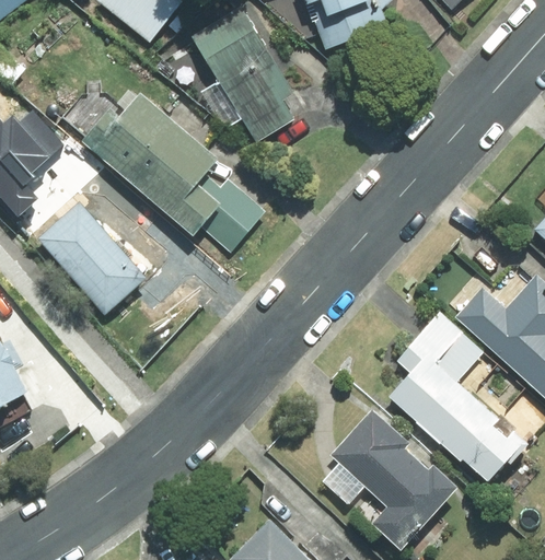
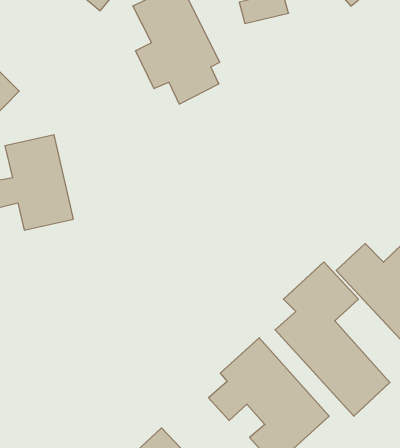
building: [84,81,270,240] -> none

